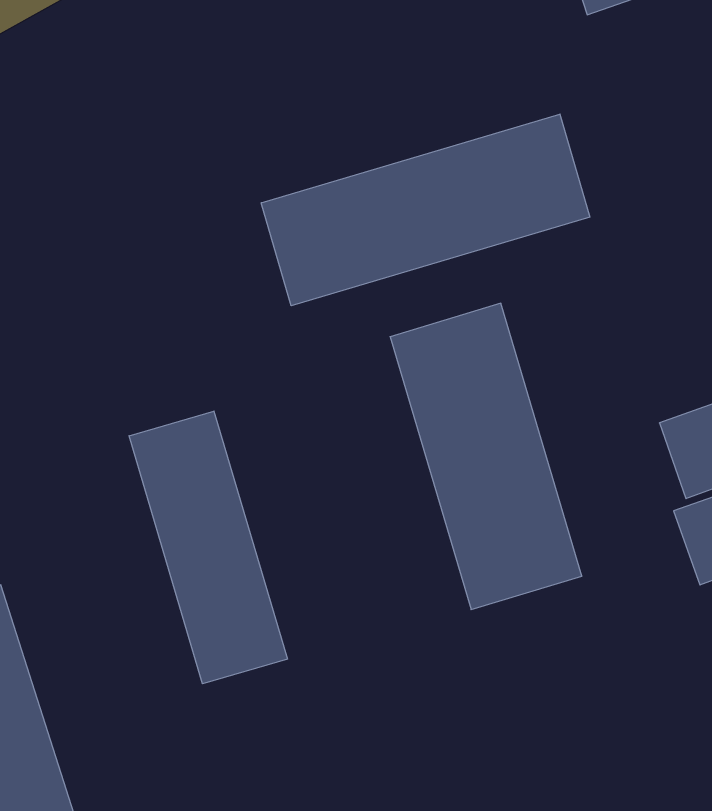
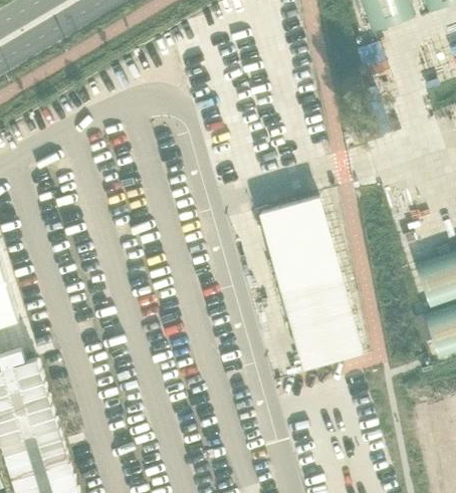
building: [261,114,590,306] -> none
building: [129,411,288,684] -> none

